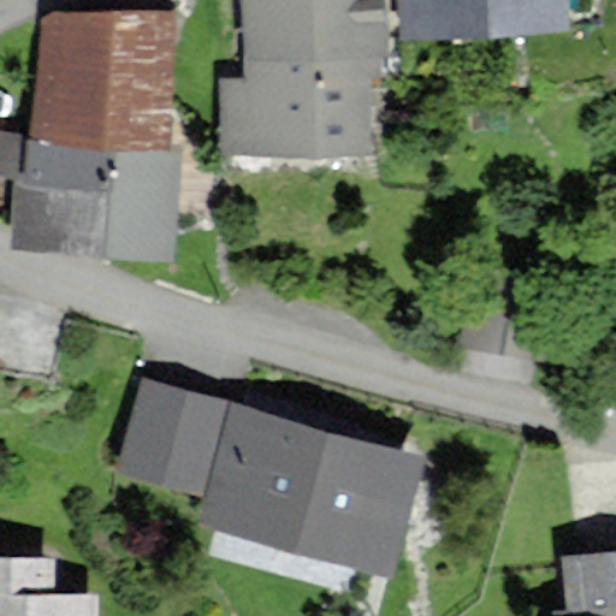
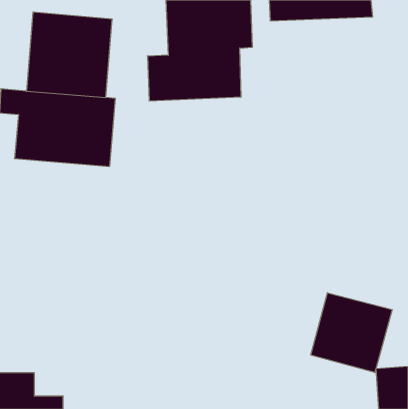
building: [124,386,223,492] -> none
building: [207,408,424,568] -> none
building: none -> [311,293,392,373]

